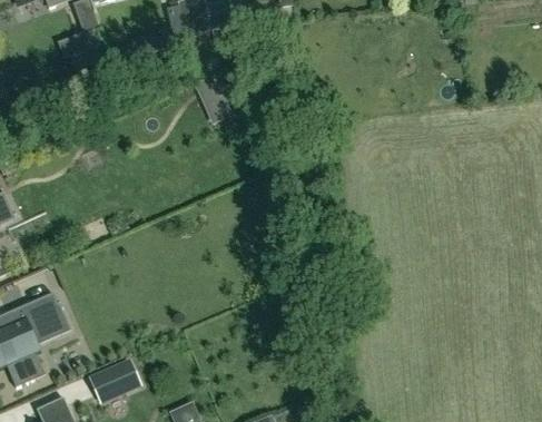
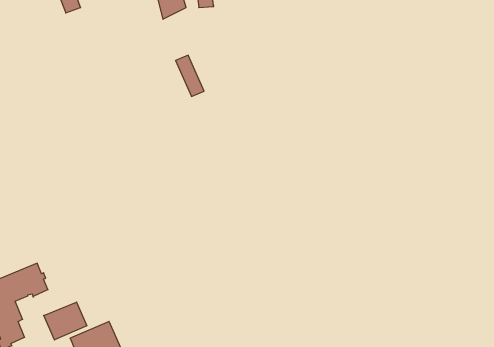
building: none -> [44,302,87,340]

